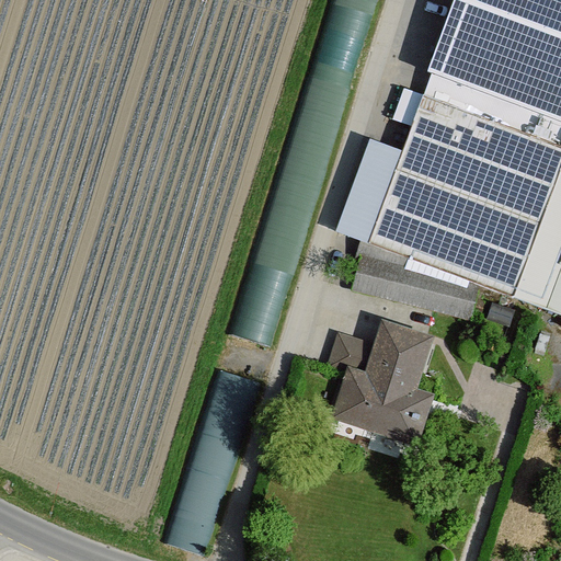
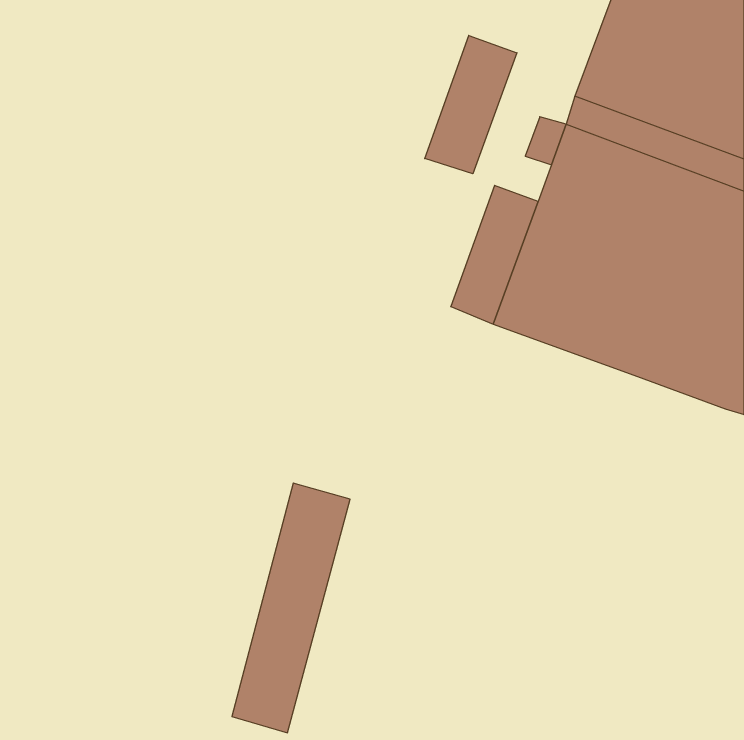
building: none -> [425,35,517,174]
building: [355,256,478,317] -> none
building: [332,323,432,442] -> none

